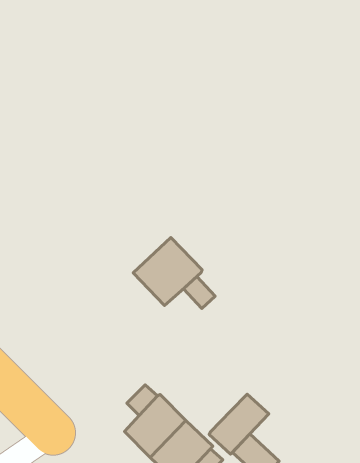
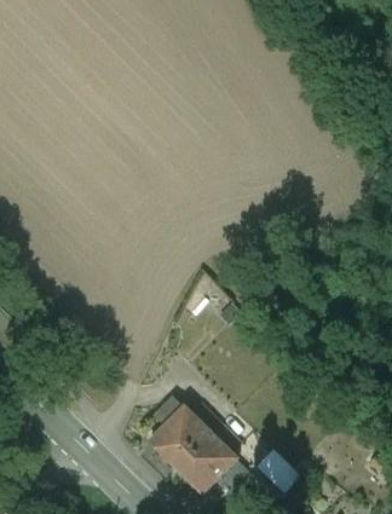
building: [133,237,202,305] -> none
building: [209,394,269,454] -> none

